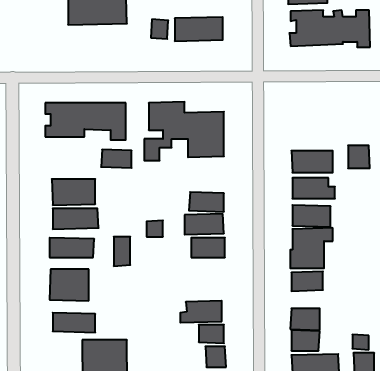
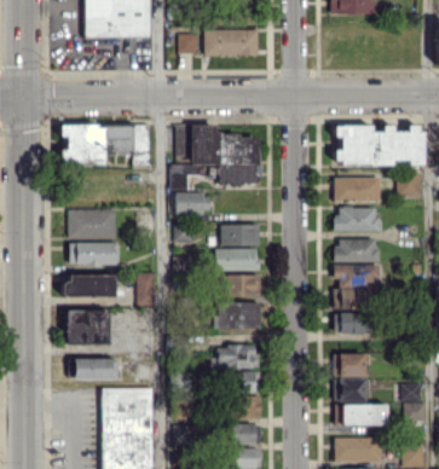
building: [289,10,370,47] -> [334,125,423,166]
building: [101,150,132,168] -> [175,192,209,213]
building: none -> [215,301,260,329]

